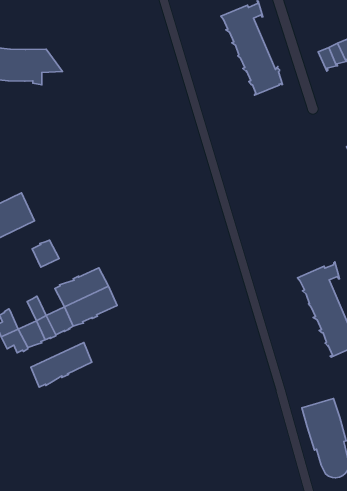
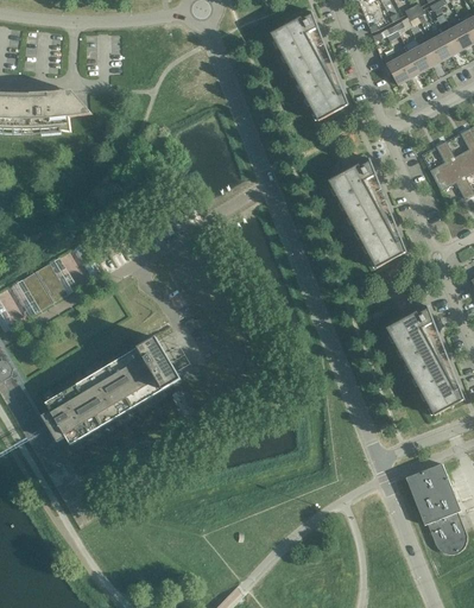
building: none -> [328,157,406,267]
building: [32,240,59,267] -> [88,365,120,397]
building: none -> [57,382,89,416]
building: [31,342,92,387] -> none

